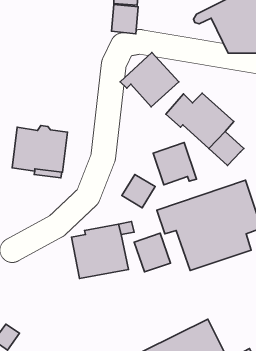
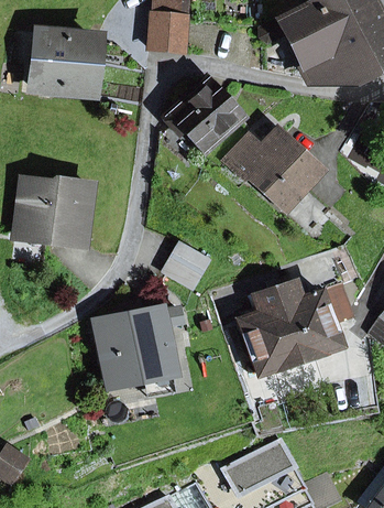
building: none -> [32,32,97,91]
building: [153,143,196,185] -> none
building: [134,233,171,272] -> none

